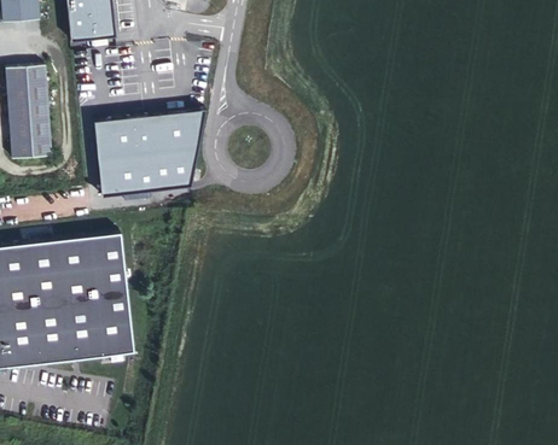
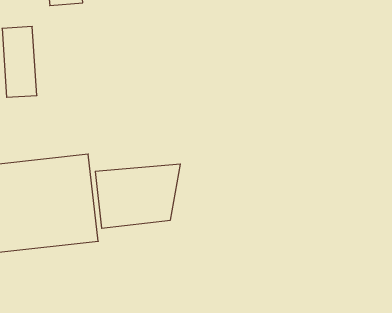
building: [91,111,203,195] -> [95,164,180,228]

